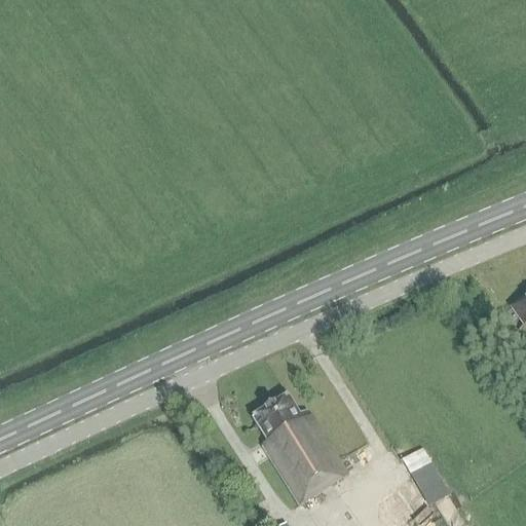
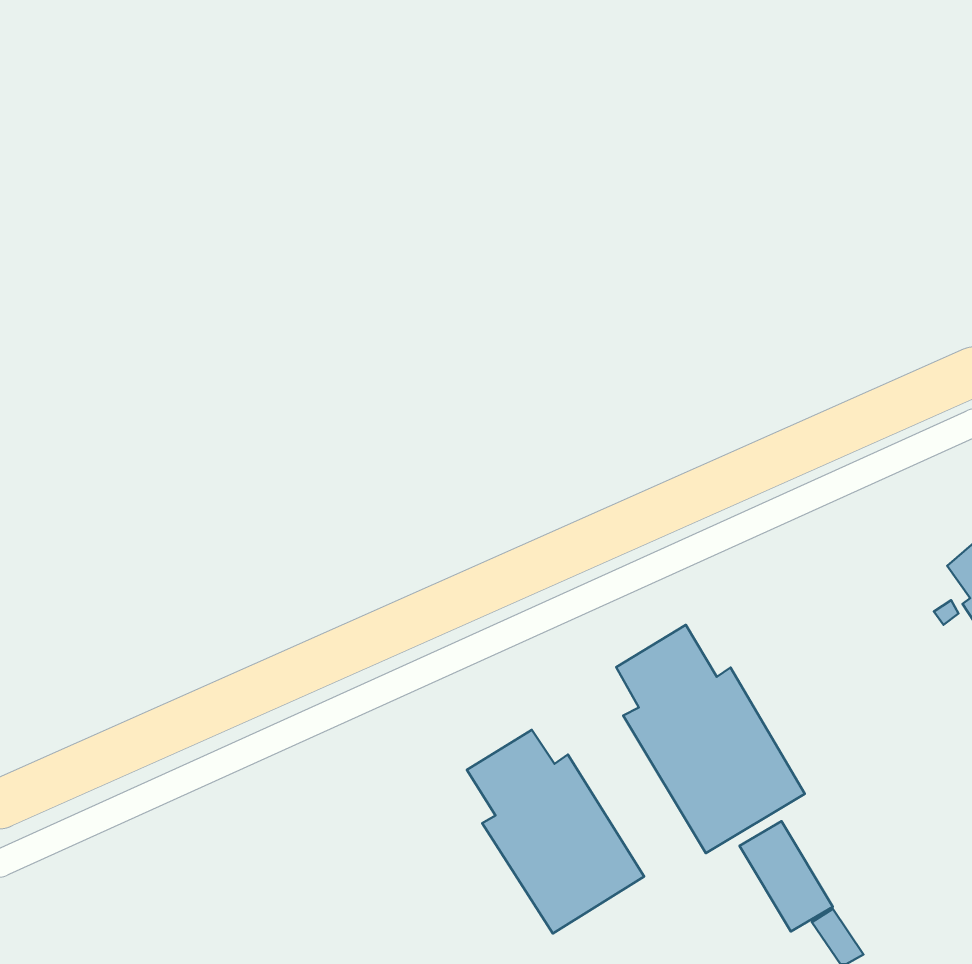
building: none -> [616,625,805,853]

